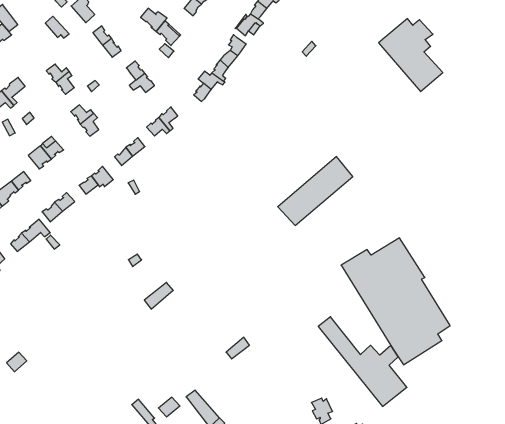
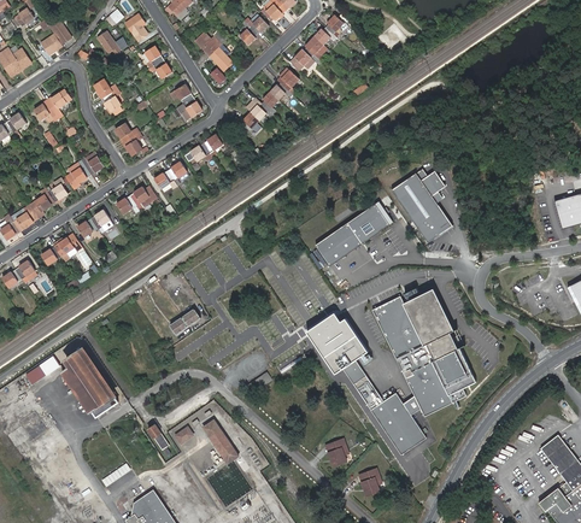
building: [379,19,443,92] -> [391,168,452,242]
building: none -> [307,312,368,374]
building: none -> [61,348,119,419]

